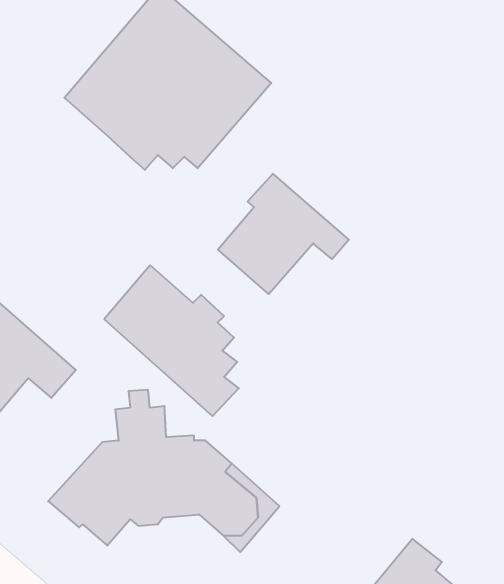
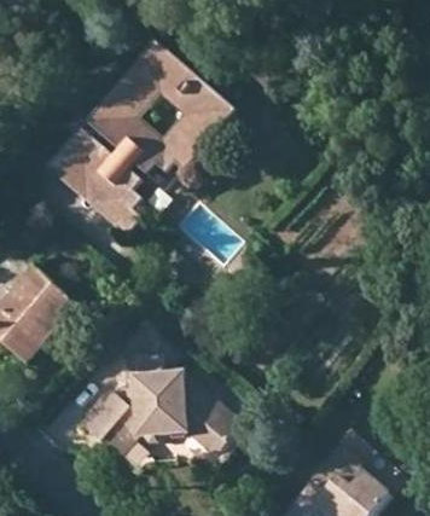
building: [218,174,349,294] -> none
building: [104,265,239,416] -> [45,129,144,240]

